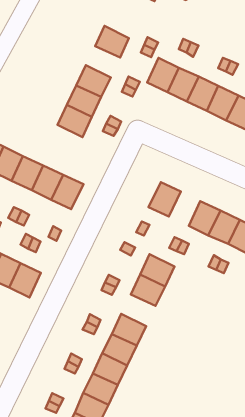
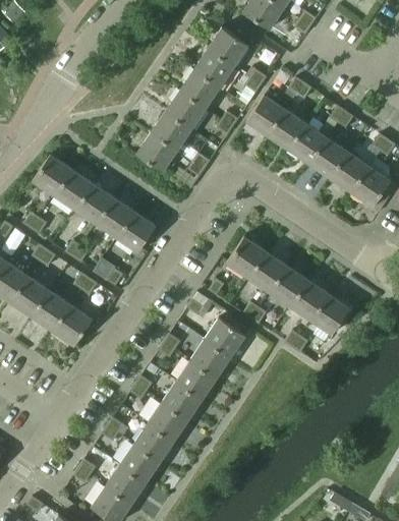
building: none -> [208,27,248,67]
building: none -> [179,70,220,109]
building: none -> [247,251,286,292]
building: none -> [176,360,217,399]

